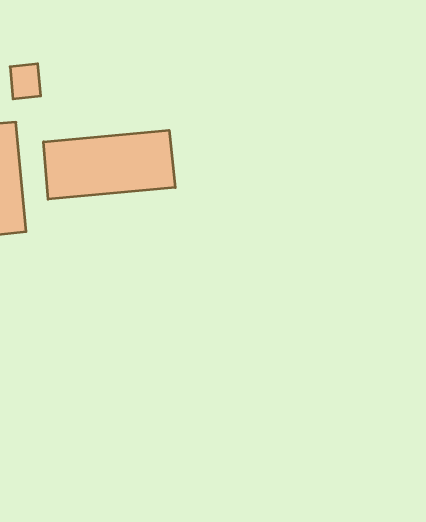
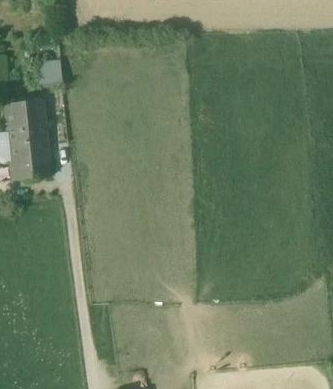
building: [44,130,175,199] -> none

